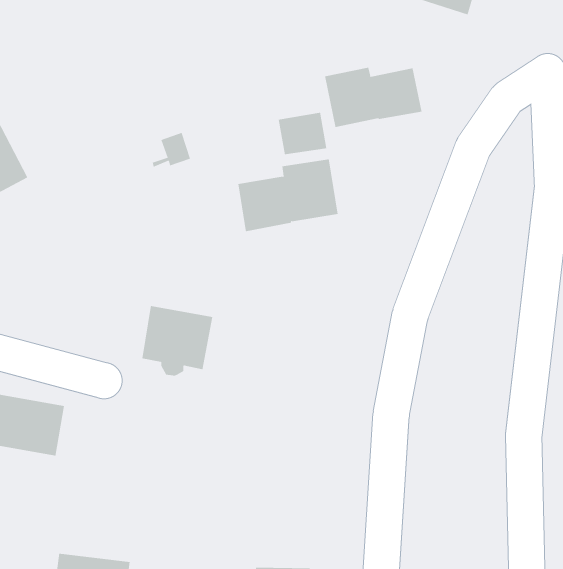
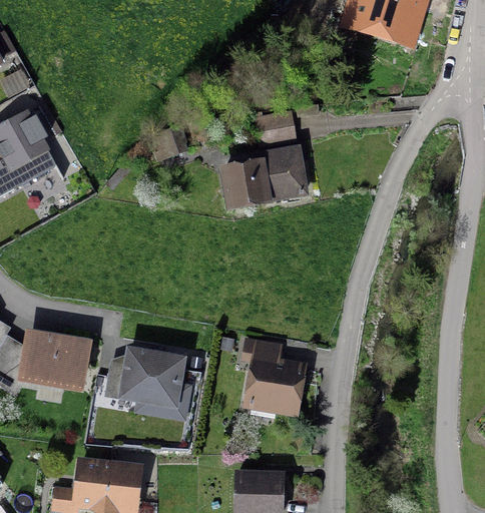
building: [324,67,422,128] -> none
building: [141,305,213,376] -> [122,352,179,408]
building: none -> [241,340,301,411]

